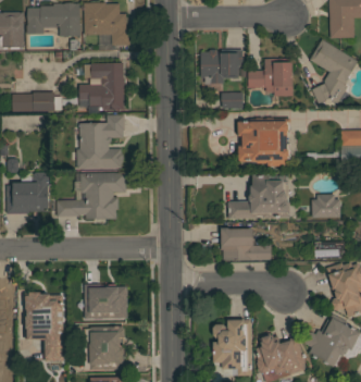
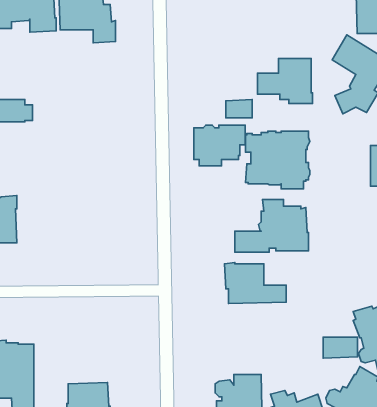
building: [200,50,242,84] -> [194,125,245,166]
building: [78,63,125,110] -> none
building: [76,115,124,169] -> none
building: [55,173,125,219] -> none
building: [311,195,339,218] -> none
building: [313,242,341,259] -> [323,337,357,358]
building: [84,285,126,319] -> none

